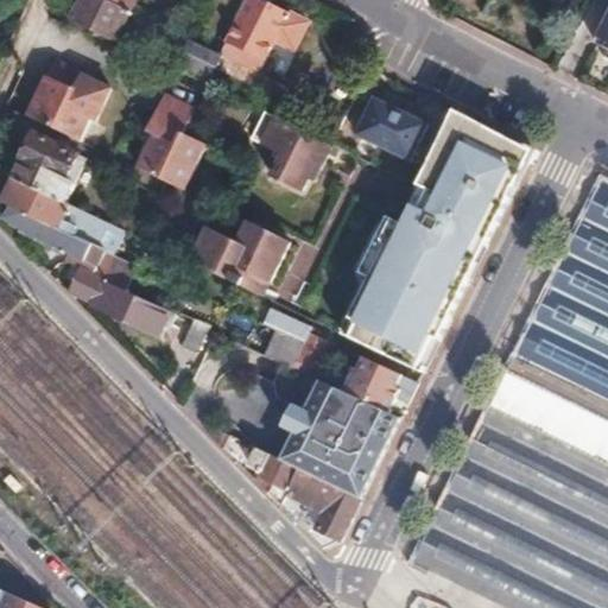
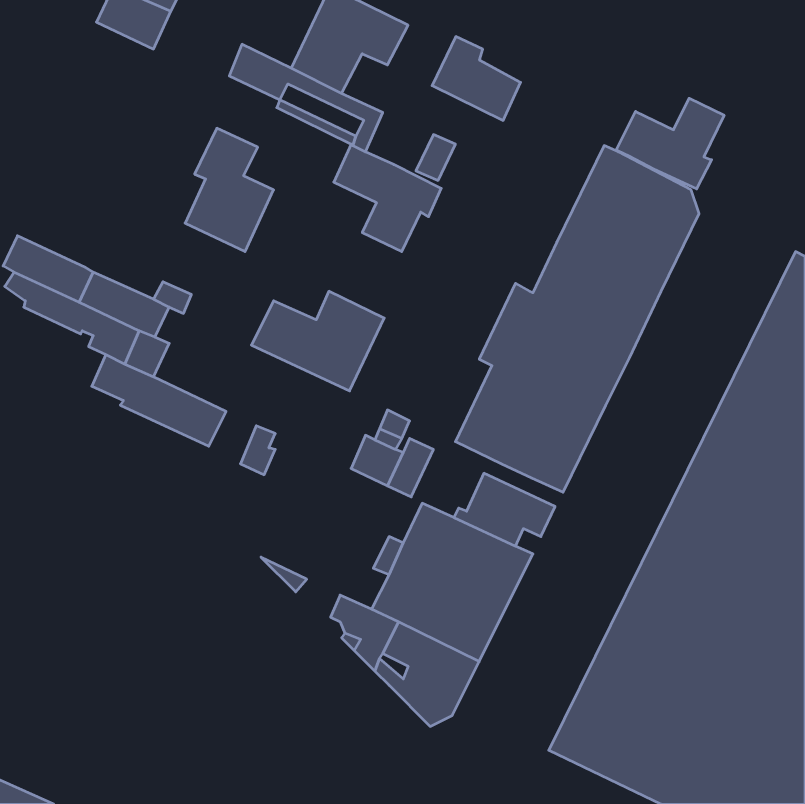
building: [26,61,108,139] -> none
building: none -> [616,98,724,189]
building: [353,99,419,162] -> [432,37,521,120]
building: [13,131,77,201] -> none

